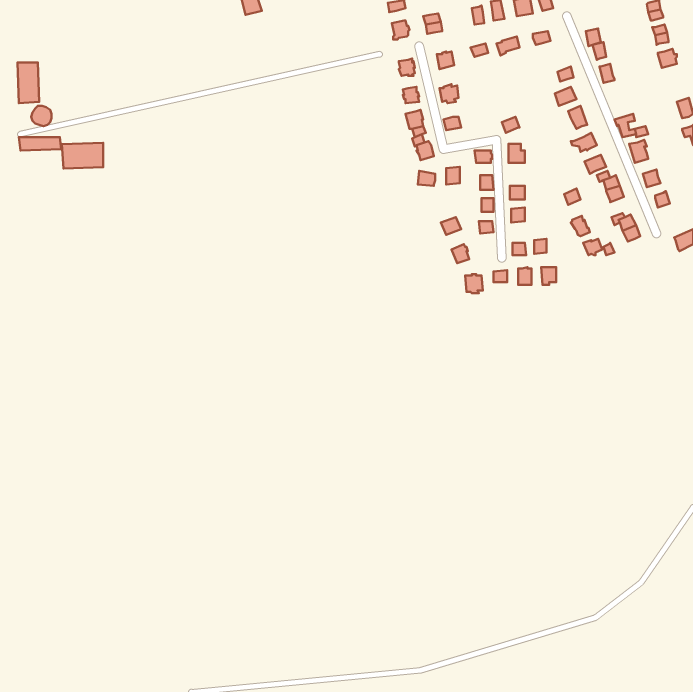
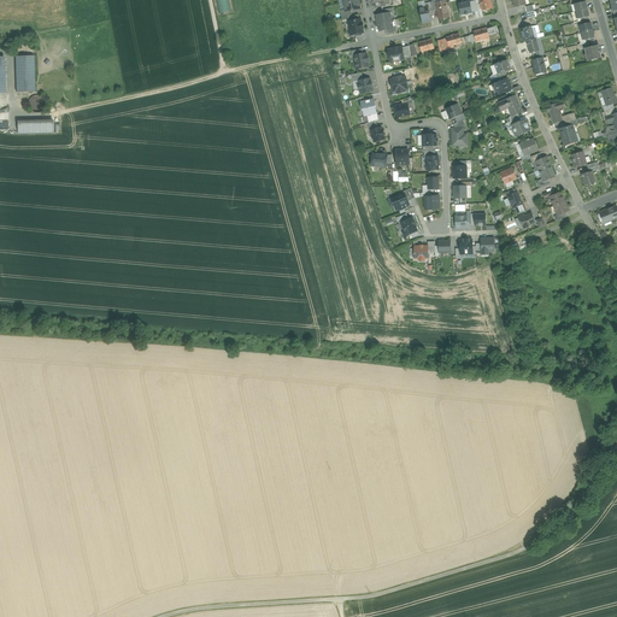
building: [62,143,103,169] -> none

